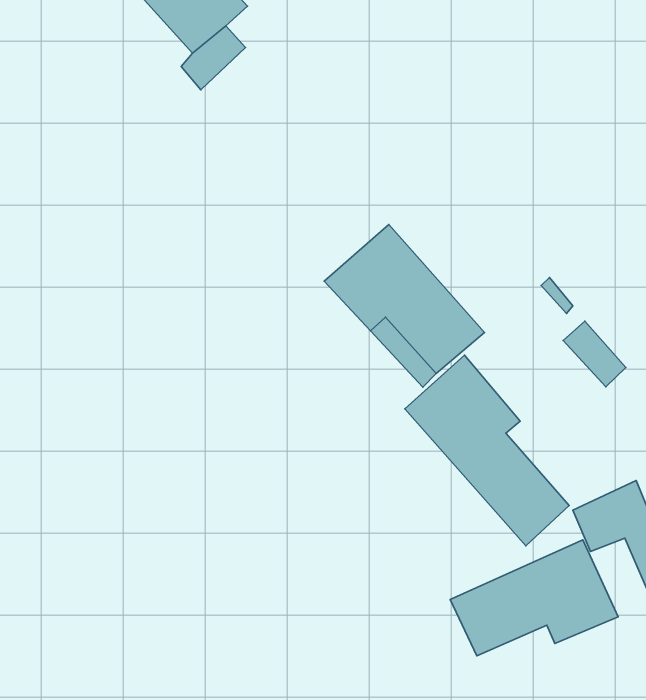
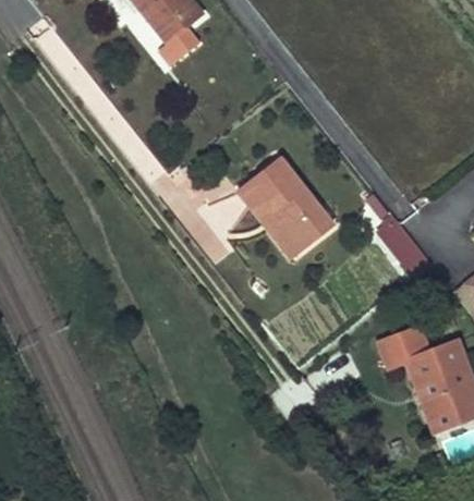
building: [405,355,569,546] -> none
building: [450,540,618,656] -> none

